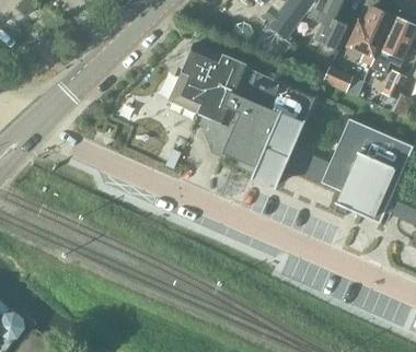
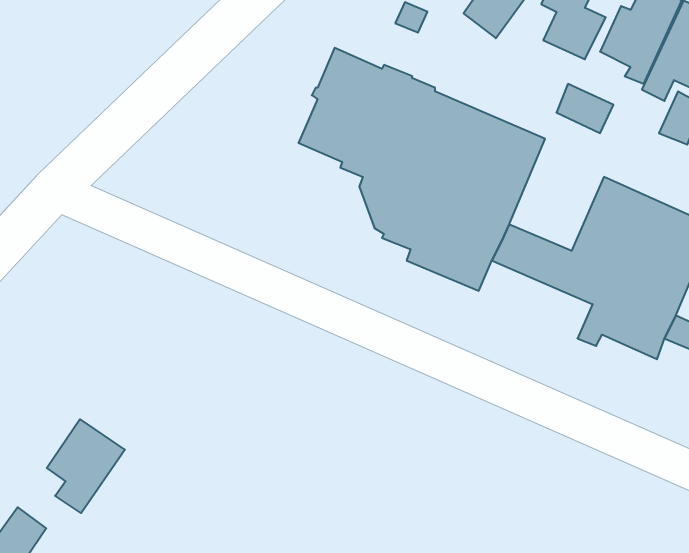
building: none -> [47,419,125,513]

